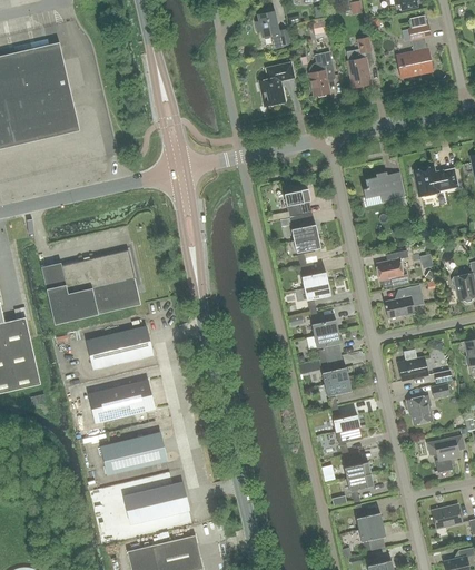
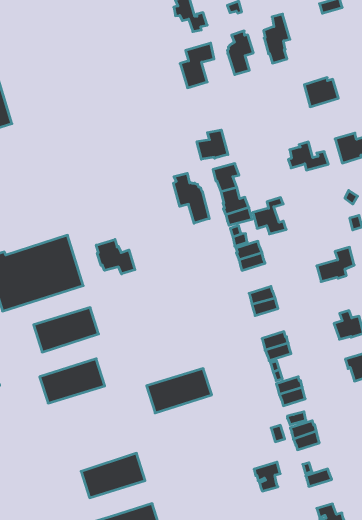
building: [397,48,432,77] -> [304,78,338,107]
building: none -> [197,130,228,159]
building: none -> [173,173,209,223]
building: [376,249,409,286] -> [253,198,286,234]
building: none -> [96,239,135,274]
building: [100,432,167,474] -> [147,369,212,413]
building: [358,523,385,552] -> [254,462,280,491]

